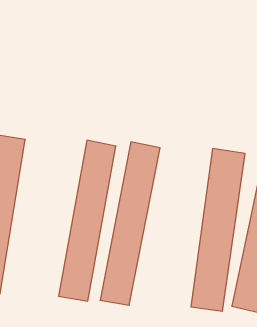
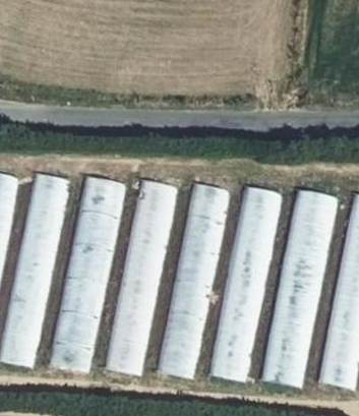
building: none -> [51,177,124,373]
building: none -> [210,186,281,382]

